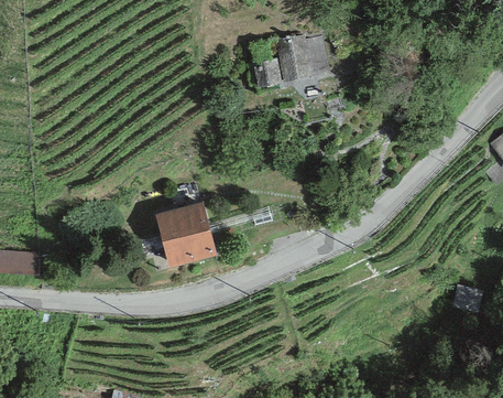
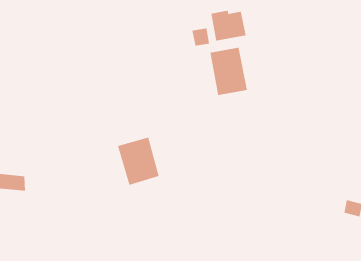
building: none -> [210,47,247,96]

